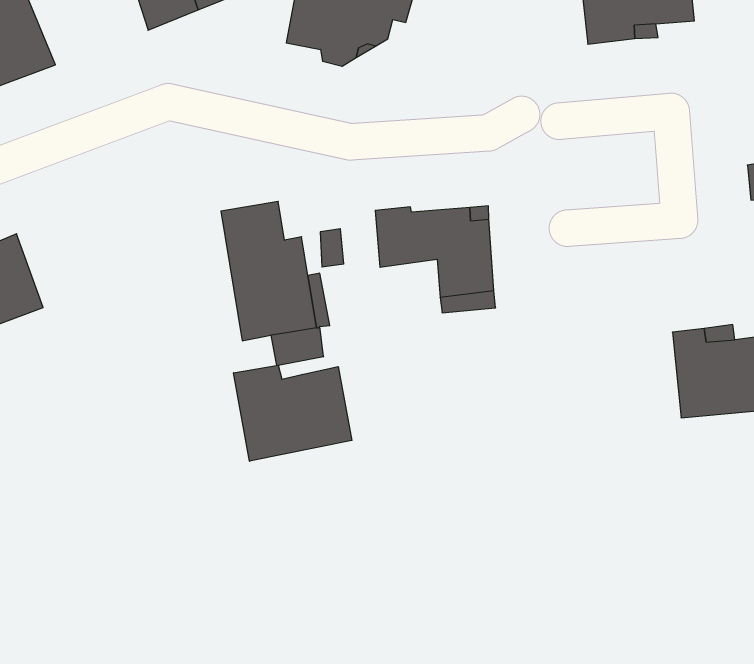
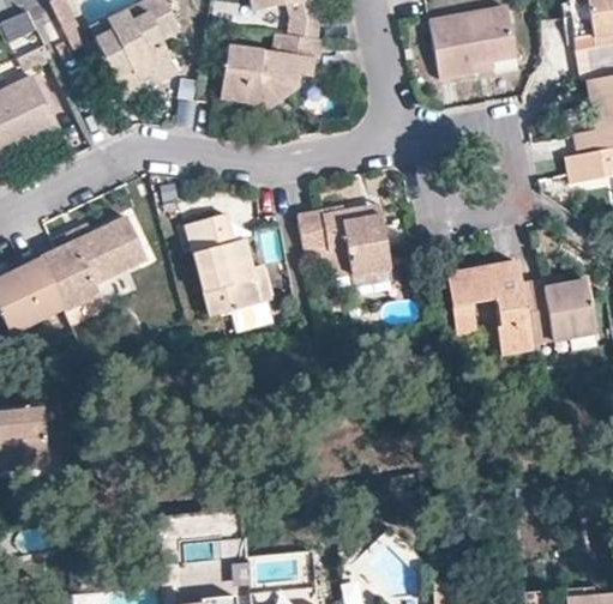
building: none -> [40,213,146,308]
building: none -> [447,259,534,354]
building: [234,365,352,461] -> none

